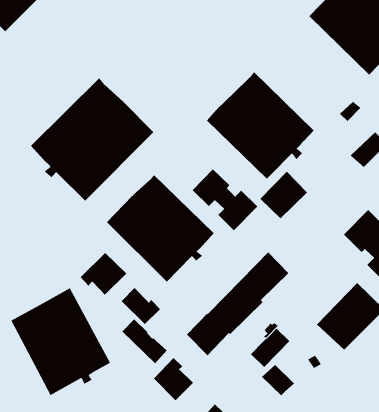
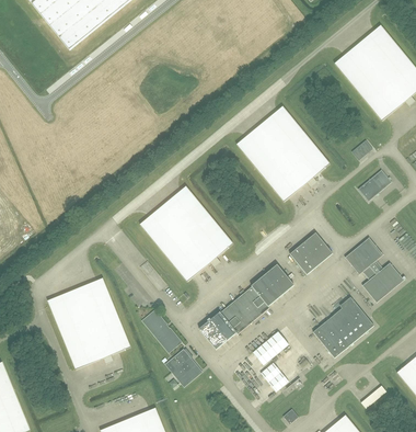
building: [30,78,154,202] -> none
building: [192,169,258,231] -> none
building: [260,171,308,219] -> [290,231,333,273]
building: [80,252,127,296] -> none
building: [121,287,161,325] -> none

